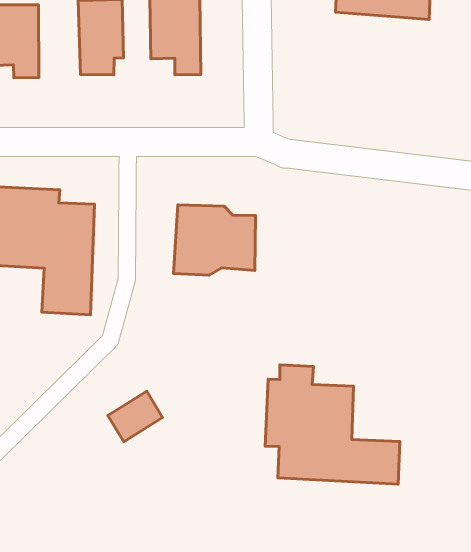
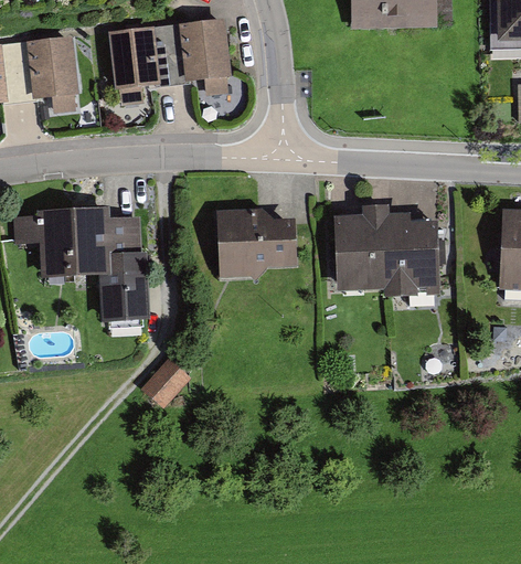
building: none -> [334,204,438,295]
building: [265,365,400,484] -> none
building: [108,391,163,442] -> [150,357,201,405]

